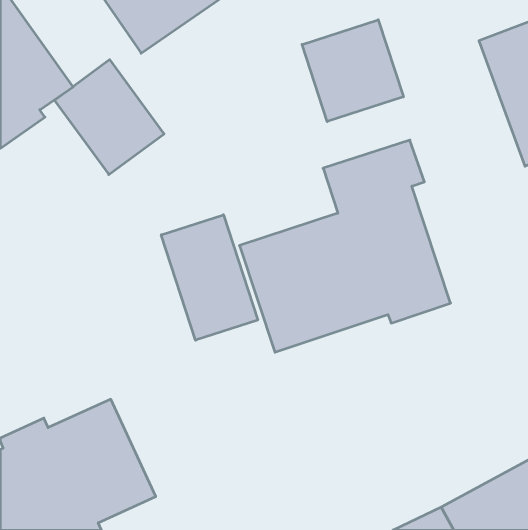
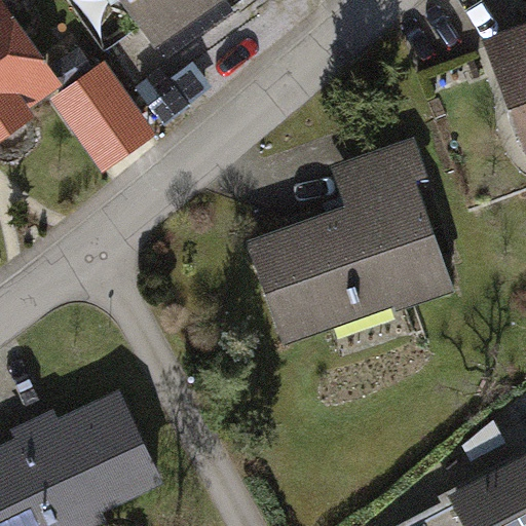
building: [302,20,403,122] -> none
building: [161,215,258,340] -> none

